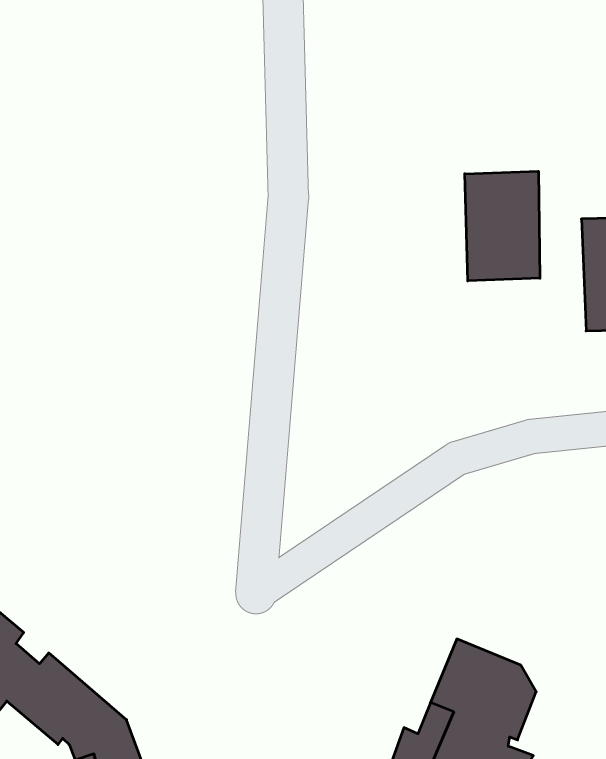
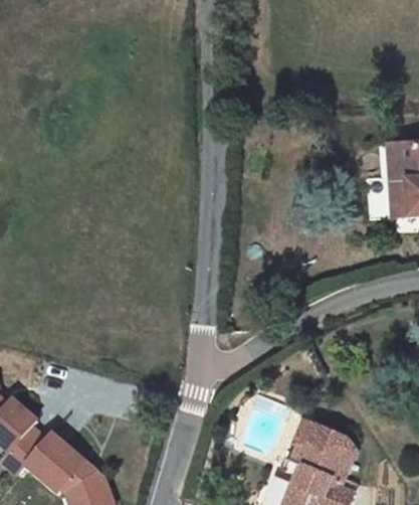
building: [465,171,540,281] -> none

